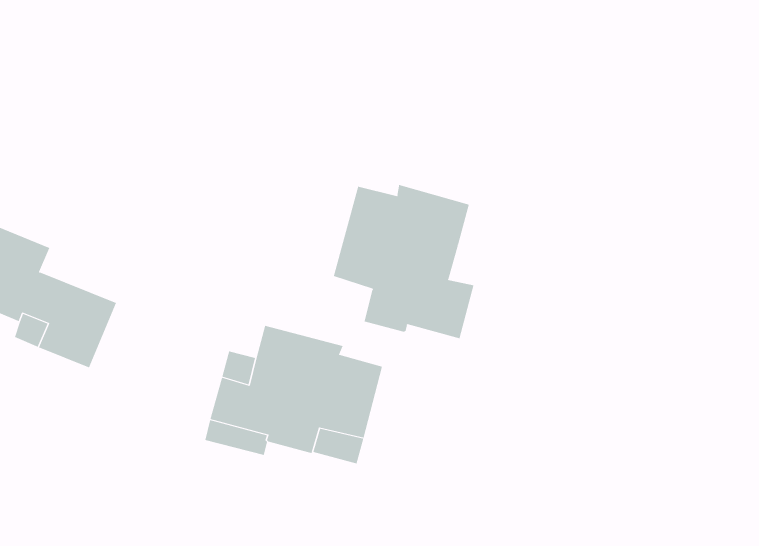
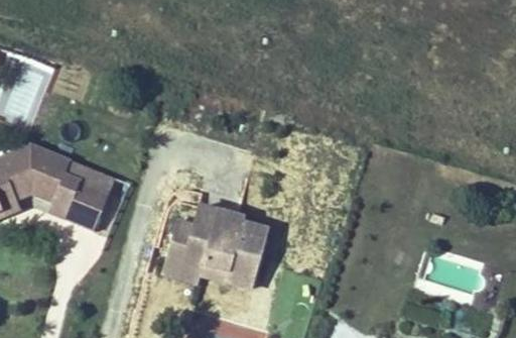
building: [333,184,474,339] -> none

